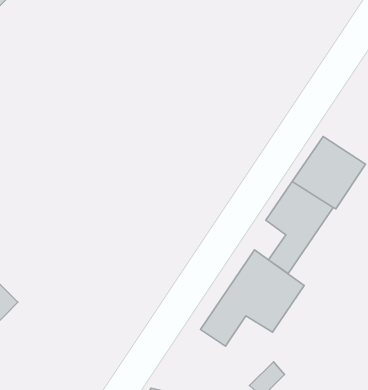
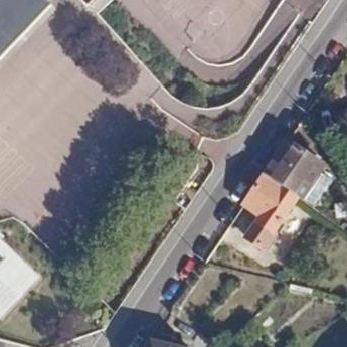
building: [200,250,304,346] -> none

